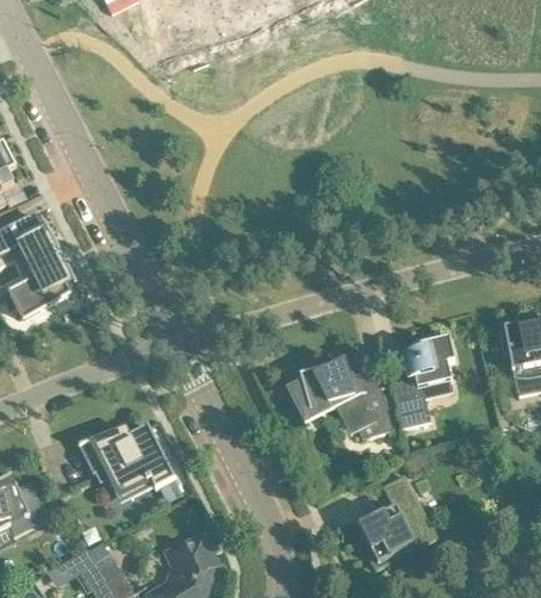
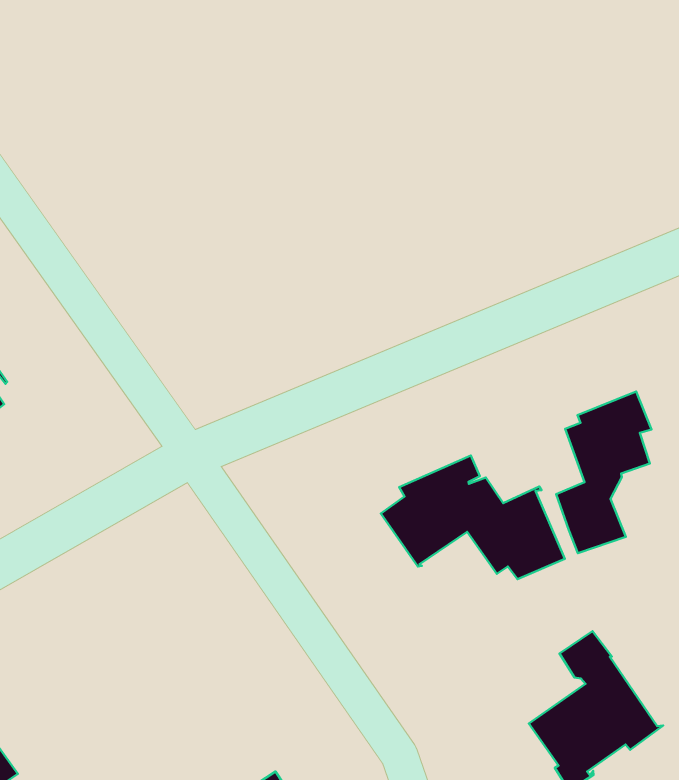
building: [76,418,173,500] -> none

